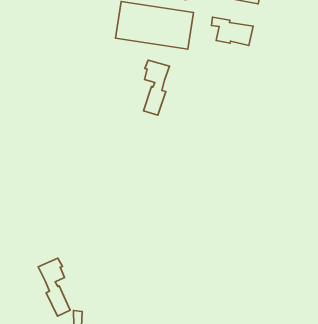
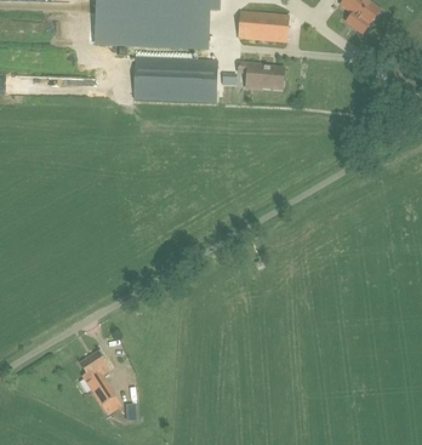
building: [144,60,170,115] -> none

